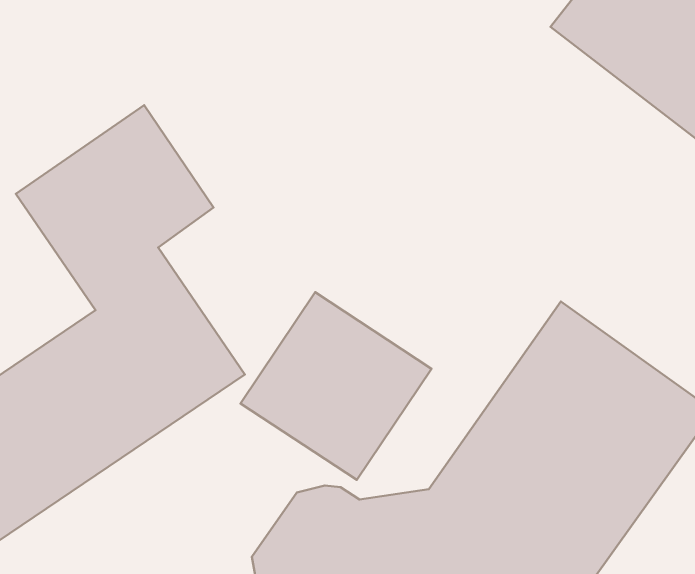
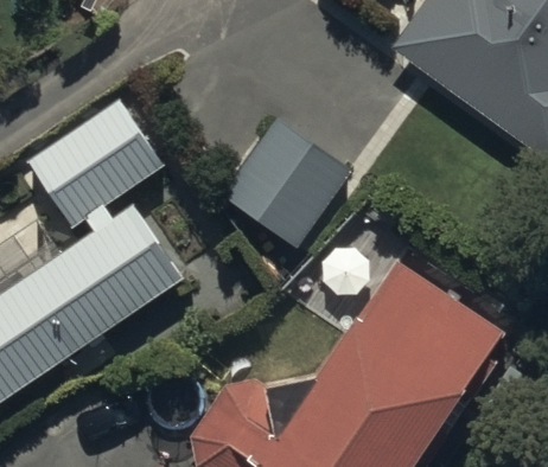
building: [240,292,431,480] -> [222,123,352,251]

